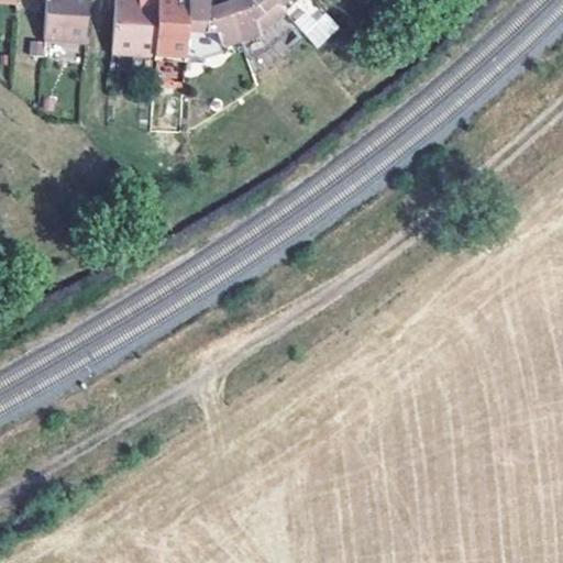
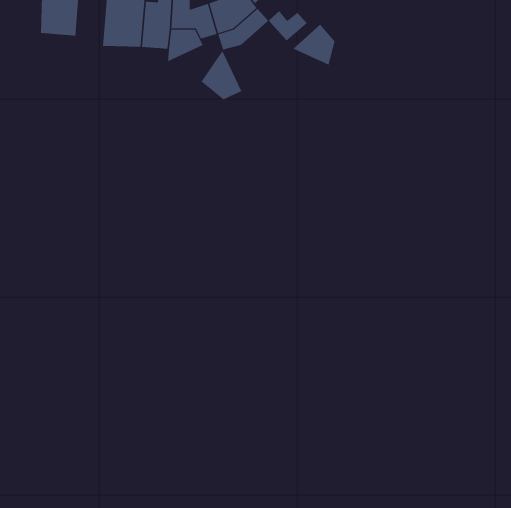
building: none -> [293,24,335,65]
building: none -> [201,50,242,100]

